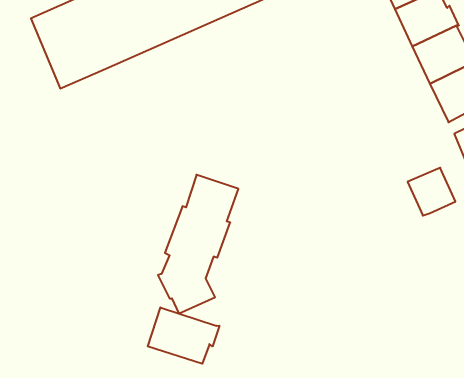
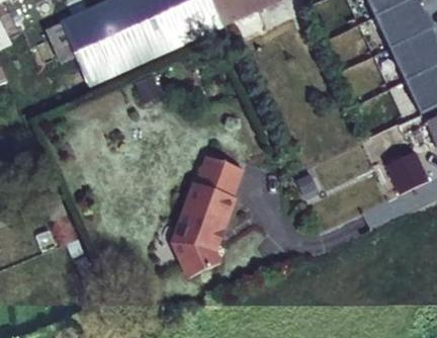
building: [148,307,219,364] -> none

